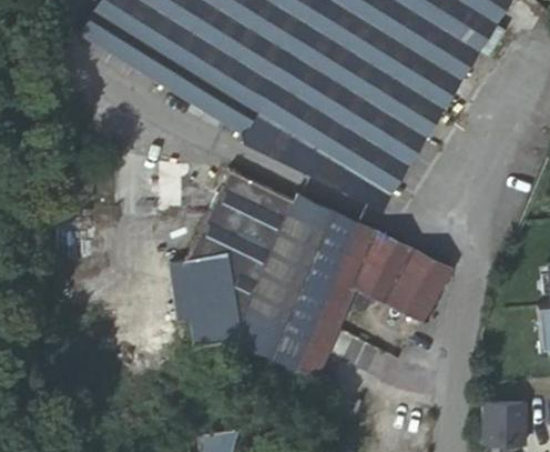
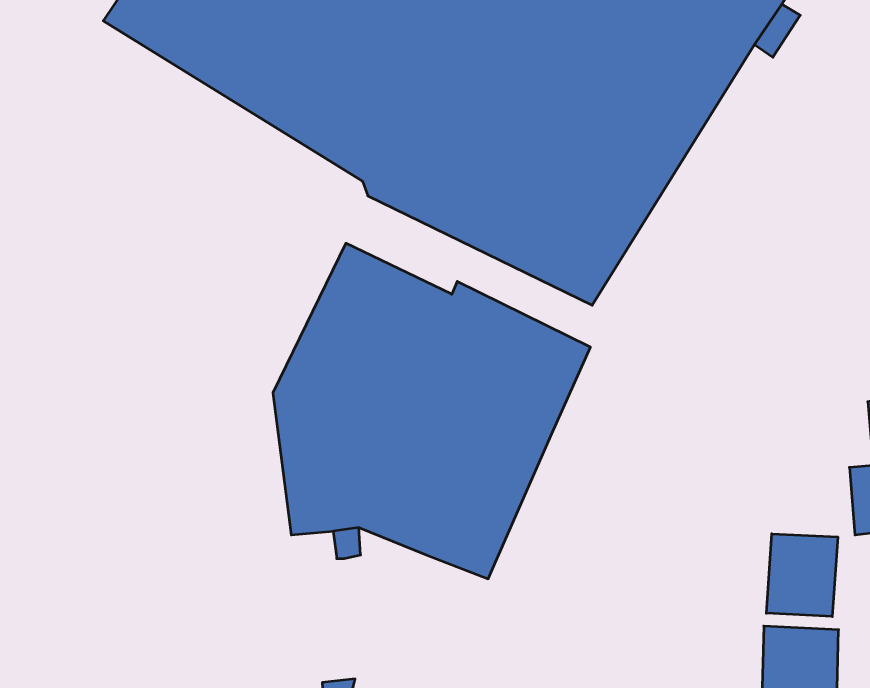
building: [355,232,451,318] -> none
building: none -> [766,534,838,617]

